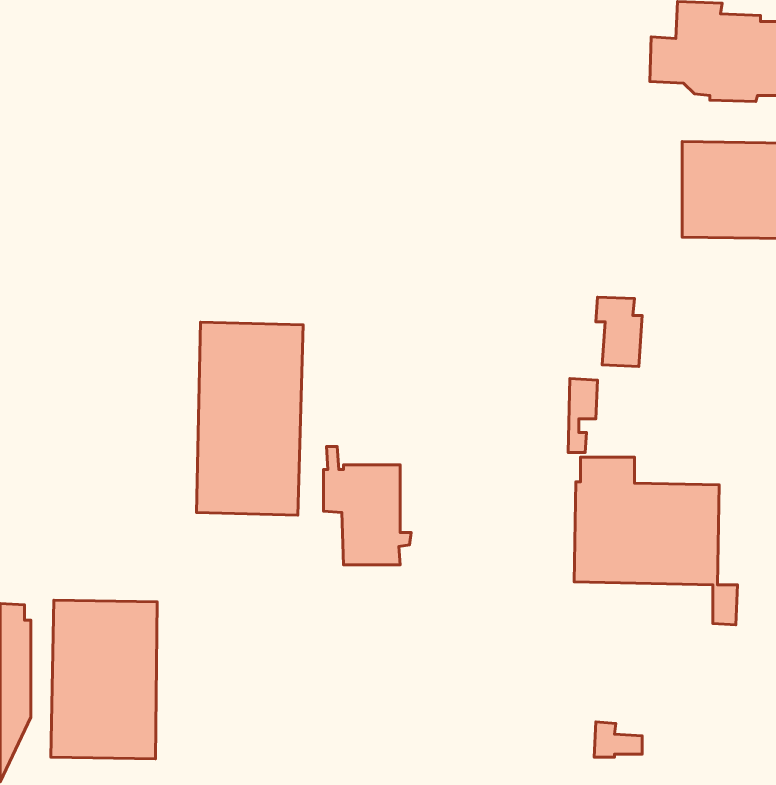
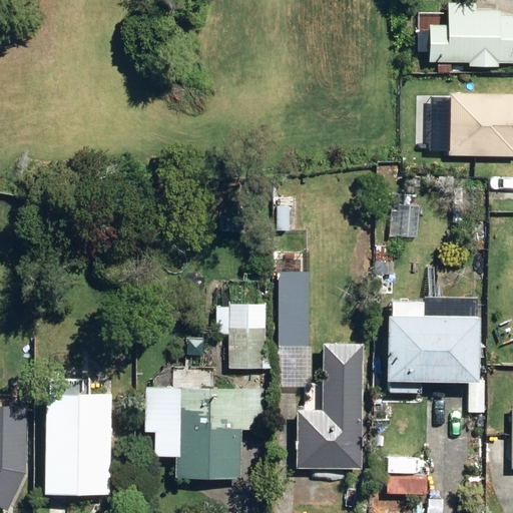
building: [196,322,303,515] -> none
building: none -> [279,259,311,368]
building: none -> [295,343,364,470]
building: none -> [143,387,267,480]

